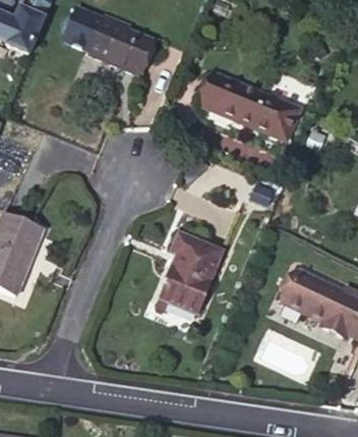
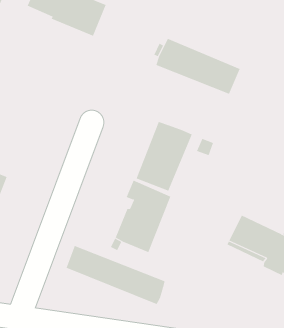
building: none -> [136,121,193,191]
building: none -> [66,245,165,305]

